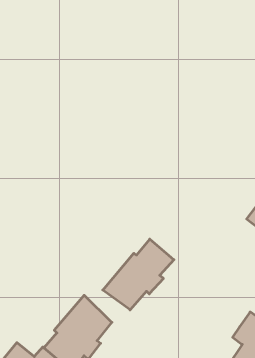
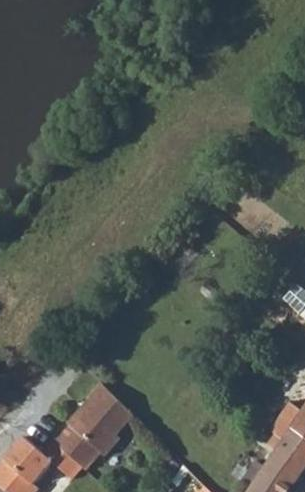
building: [103,239,174,310] -> none

